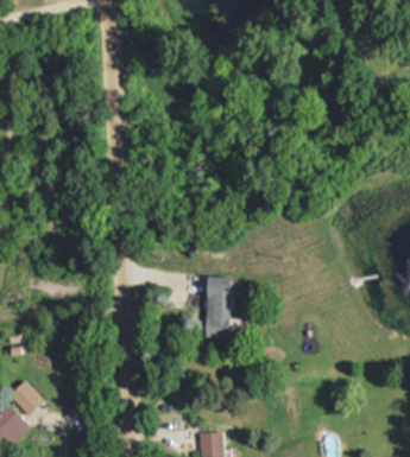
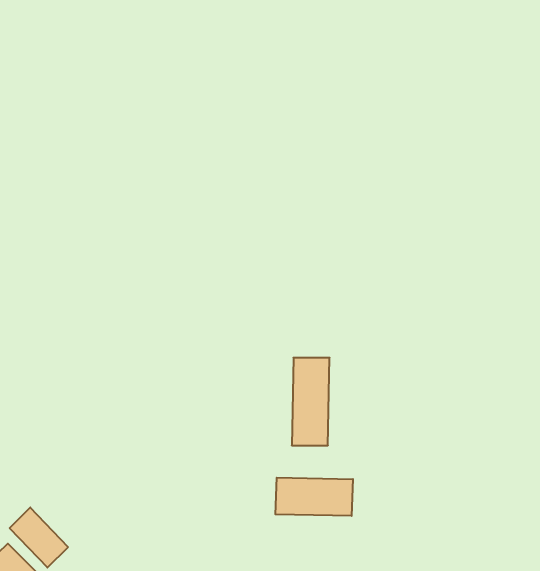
building: none -> [275,478,353,516]

